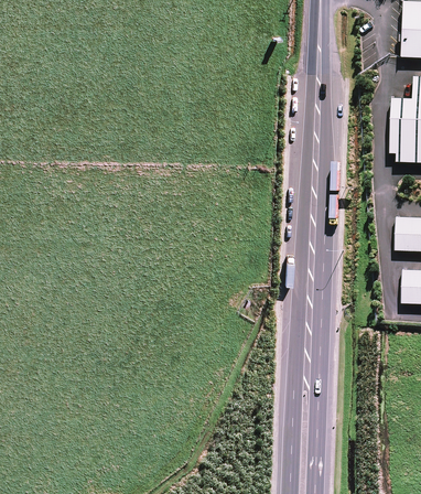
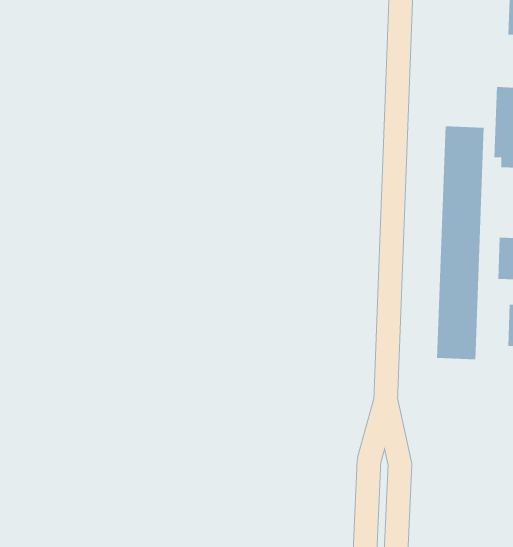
building: none -> [436,126,484,360]

